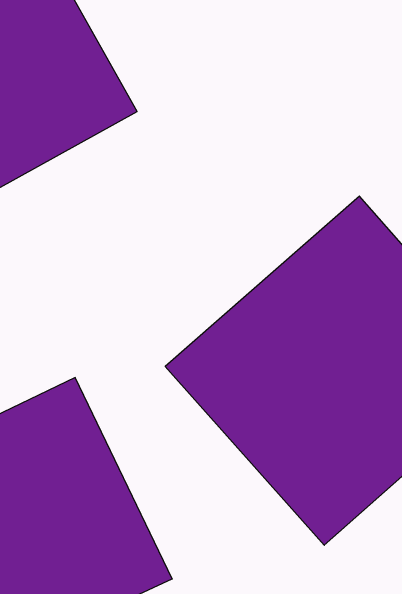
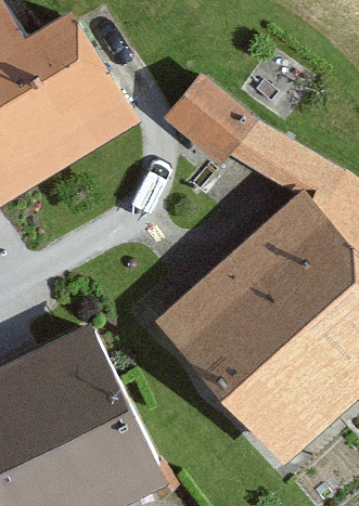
building: none -> [175,80,328,186]

